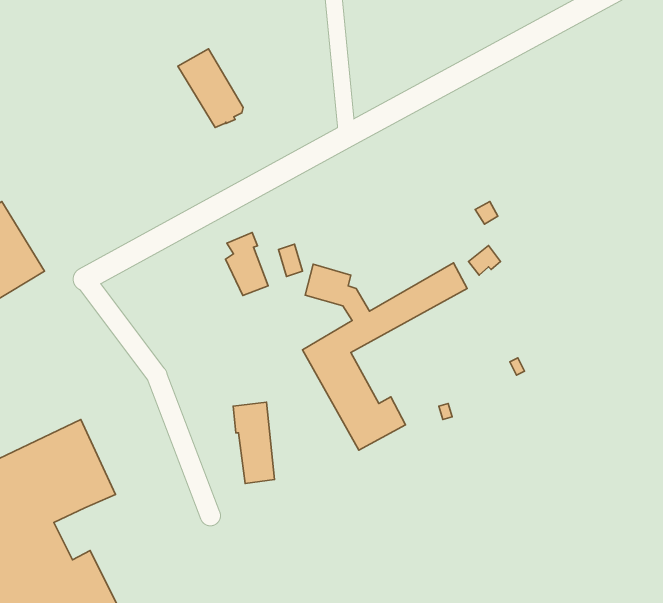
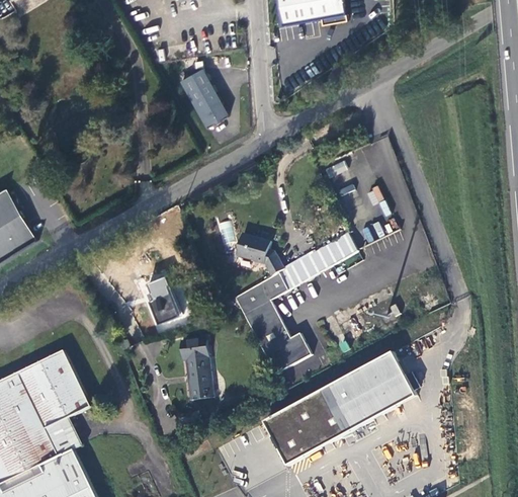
building: [178,49,243,128] -> [178,66,228,126]
building: [225,233,268,295] -> [144,273,176,321]
building: none -> [263,349,419,464]
building: none -> [44,417,80,457]

